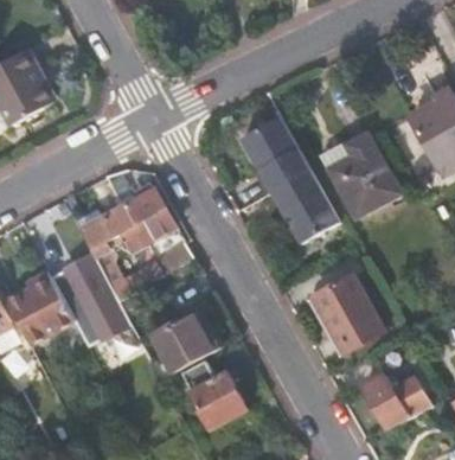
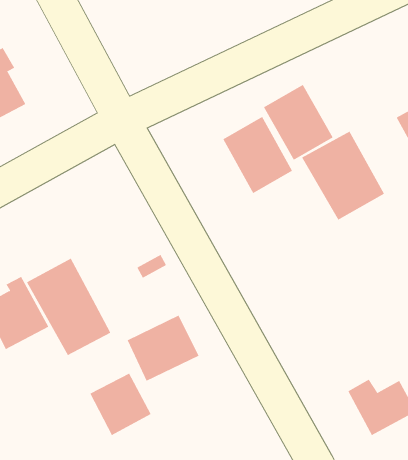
building: [270,168,339,243] -> [263,84,333,160]
building: [79,187,174,248] -> none
building: [312,273,384,352] -> none
building: [187,372,248,434] -> [90,373,151,436]

